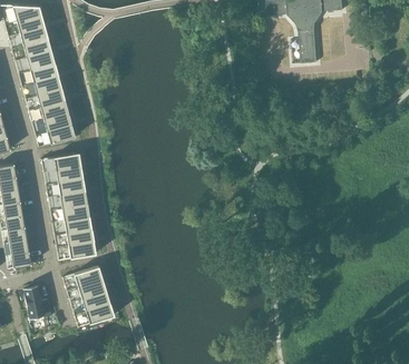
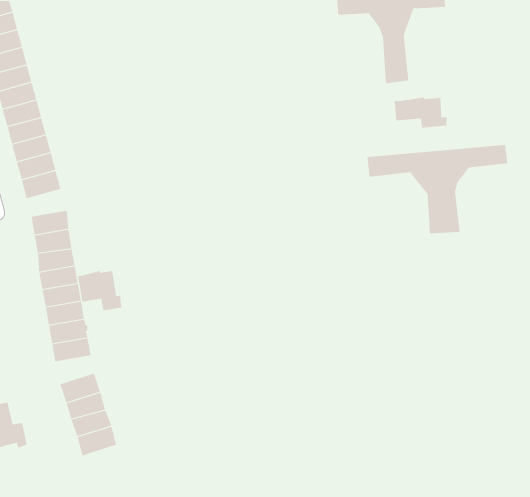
building: none -> [394,97,447,128]
building: none -> [367,144,508,234]
building: none -> [78,270,122,311]

